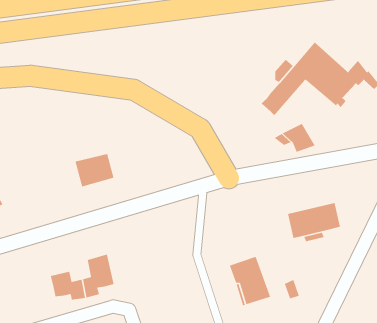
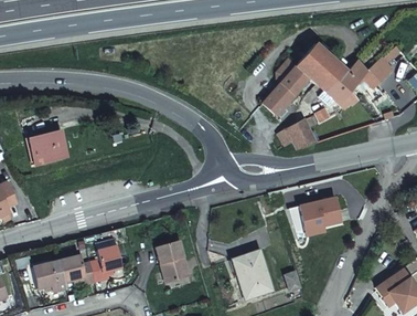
building: [75,153,115,187] -> [29,129,67,162]
building: none -> [158,249,192,291]
building: none -> [32,267,65,297]

